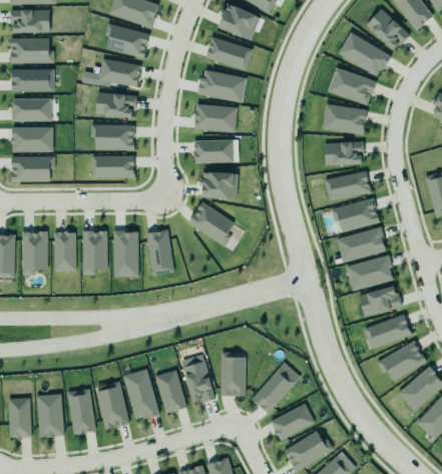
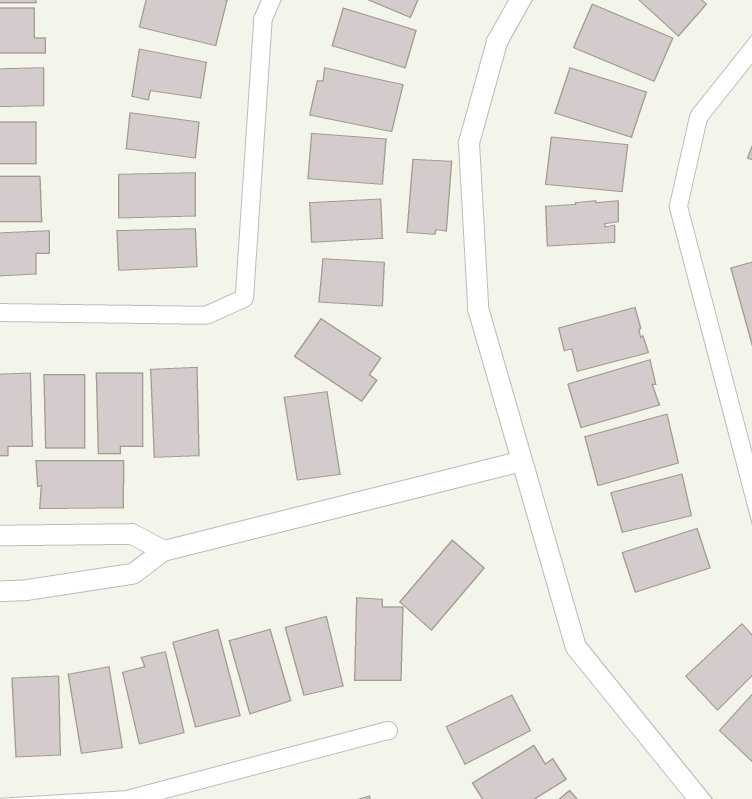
building: none -> [407,159,452,234]
building: [324,171,371,201] -> none
building: [144,227,174,275] -> [284,392,340,480]
building: none -> [36,460,123,509]
building: [377,341,426,381] -> none
building: [251,367,296,415] -> [400,540,484,630]

